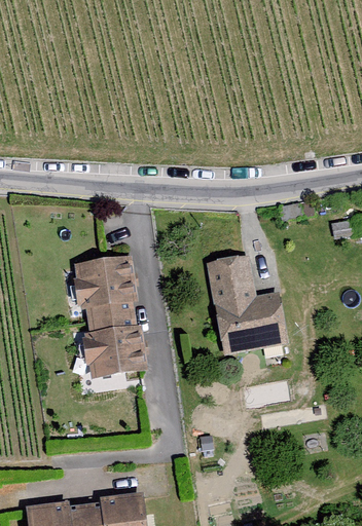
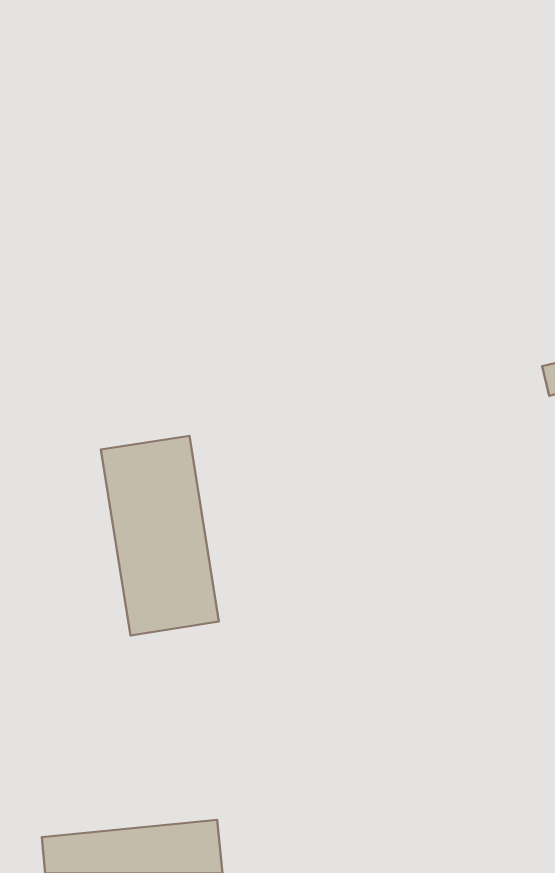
building: [205,255,287,355] -> none

